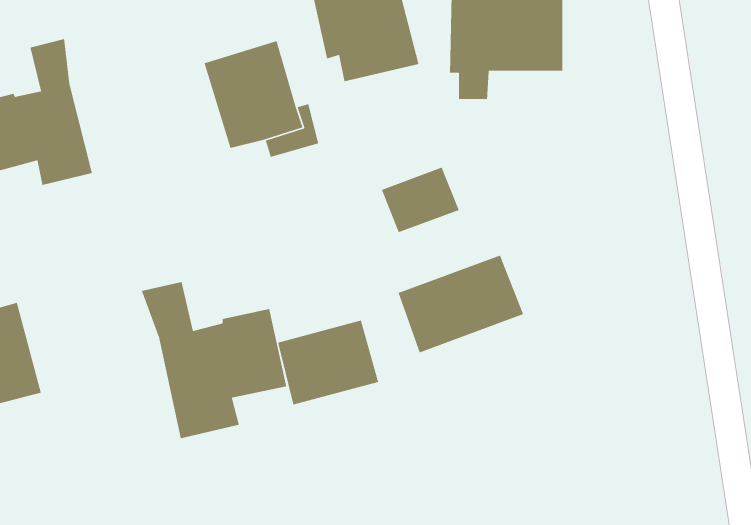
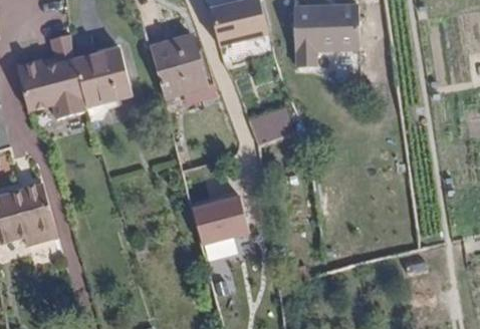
building: none -> [73,47,133,118]
building: [398,255,524,354] -> none
building: [141,281,287,439] -> none

